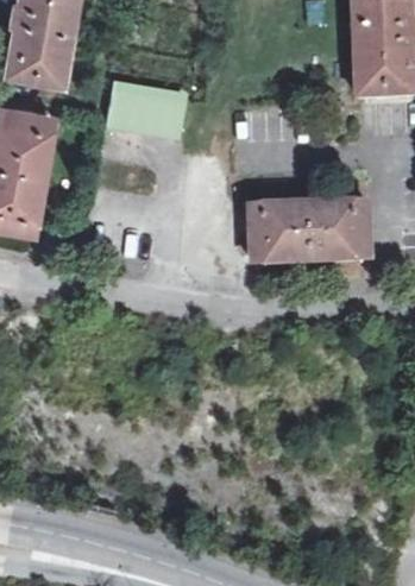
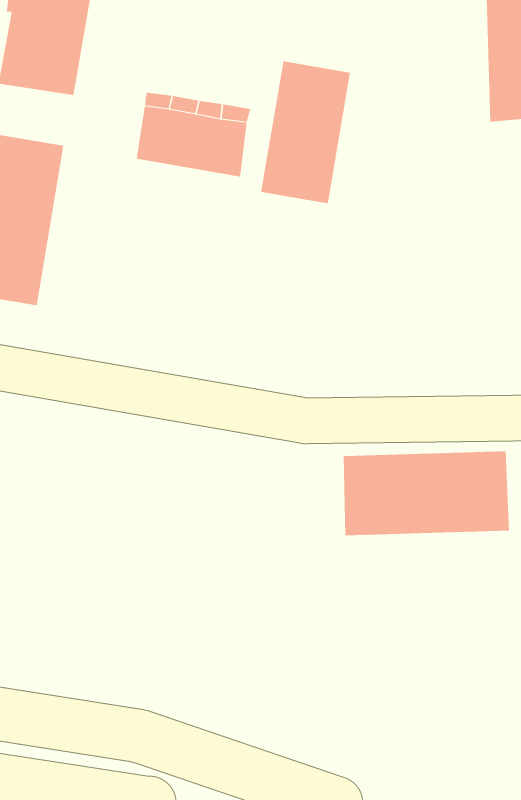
building: none -> [261,61,351,204]
building: [252,206,371,266] -> [343,451,510,536]

